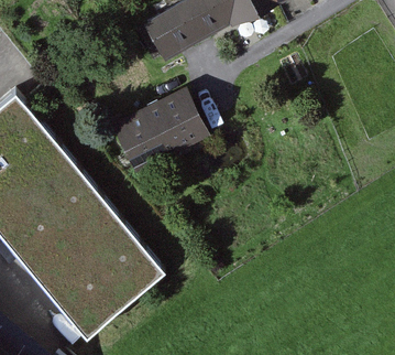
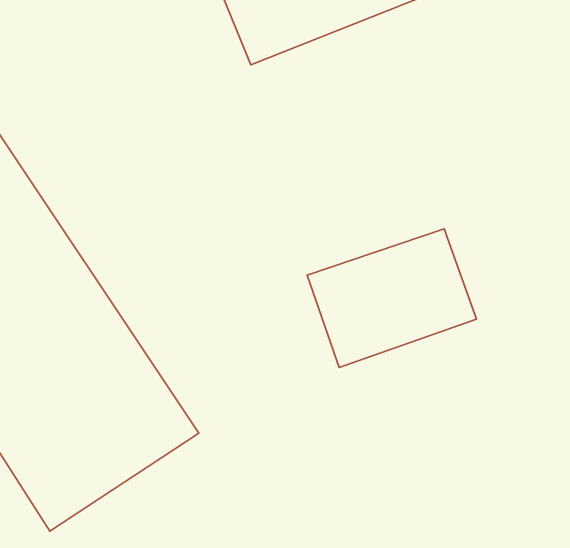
building: [114,88,212,173] -> [307,229,477,367]

